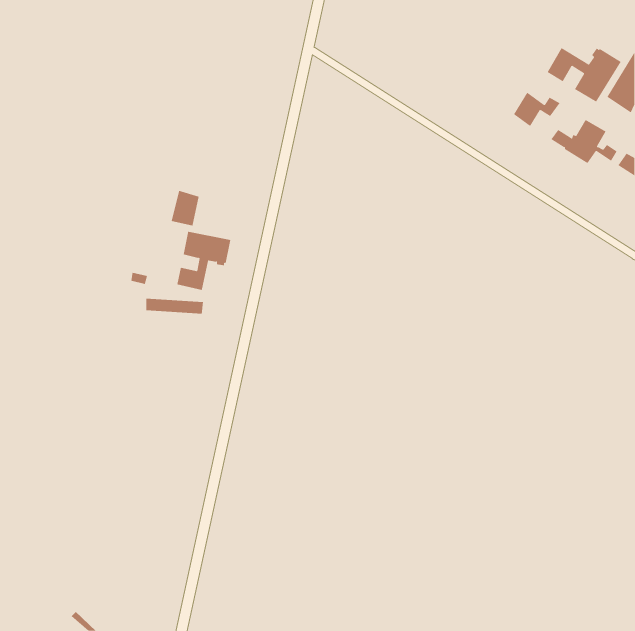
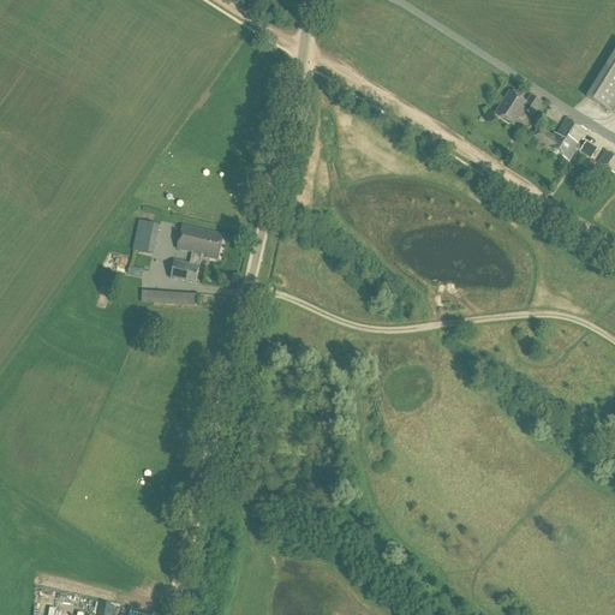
building: [547,47,622,103] -> none
building: [171,190,200,226] -> [131,217,159,252]

